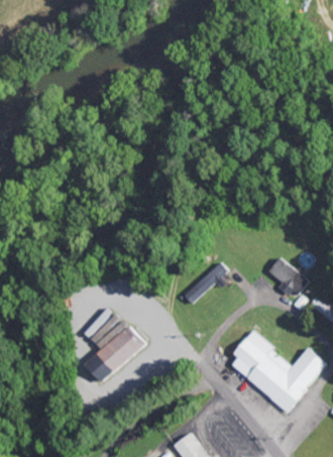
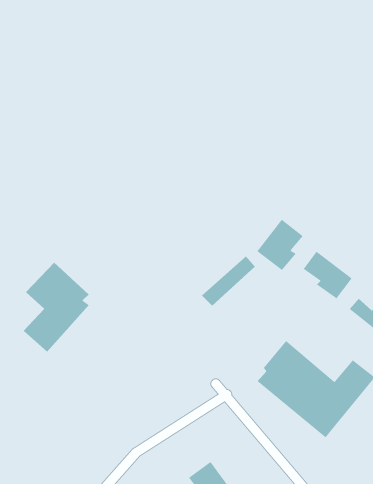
building: none -> [257,219,303,271]
building: [84,308,139,383] -> [23,262,89,352]

